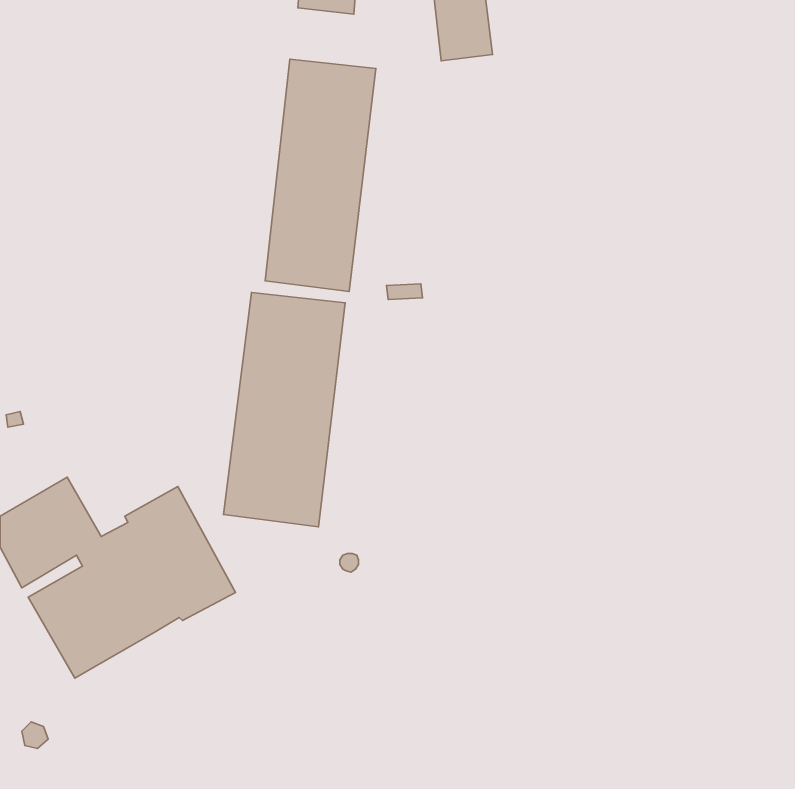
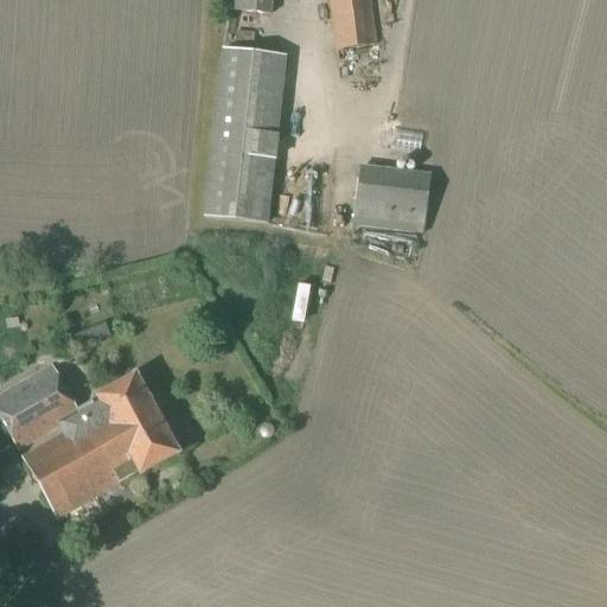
building: none -> [353,167,430,229]
building: [224,293,345,527] -> none

